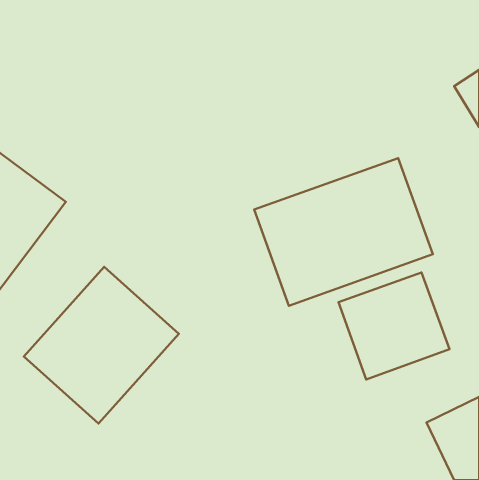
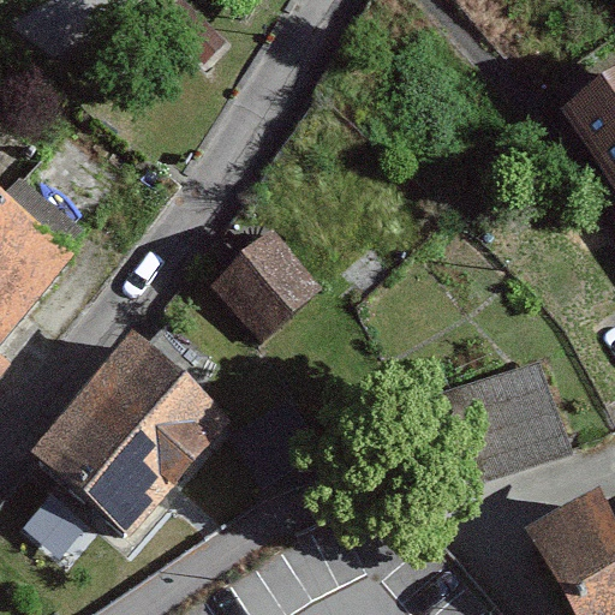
building: [254,158,433,306] -> none
building: none -> [215,233,316,332]

